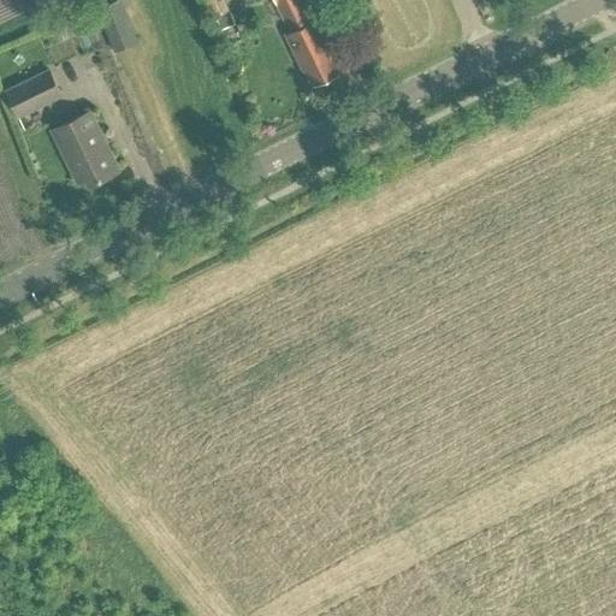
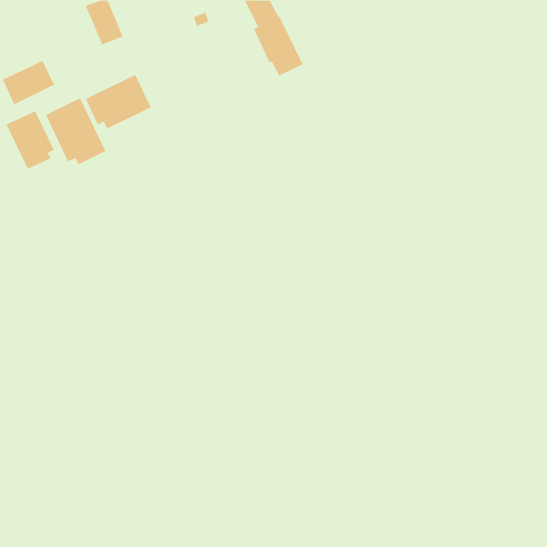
building: none -> [85,74,152,129]
building: none -> [6,110,55,170]

